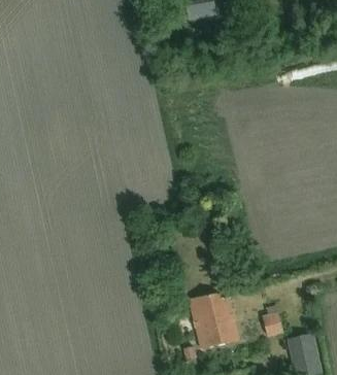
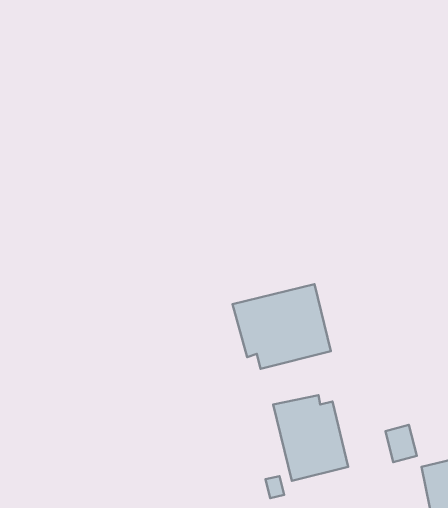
building: none -> [232,284,331,369]

